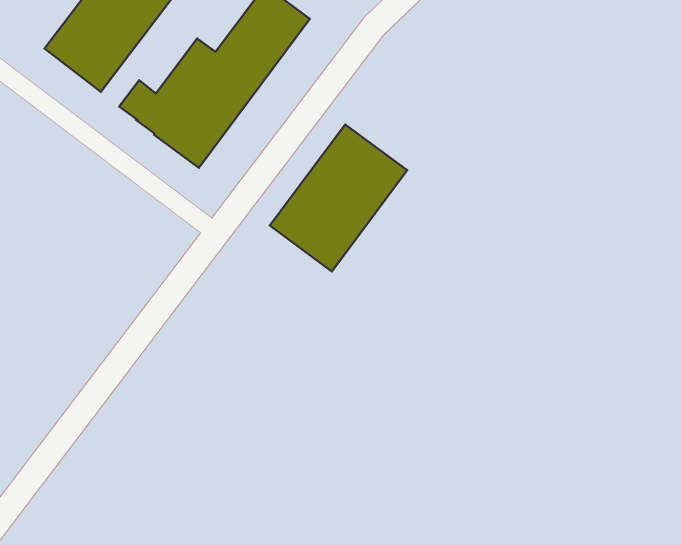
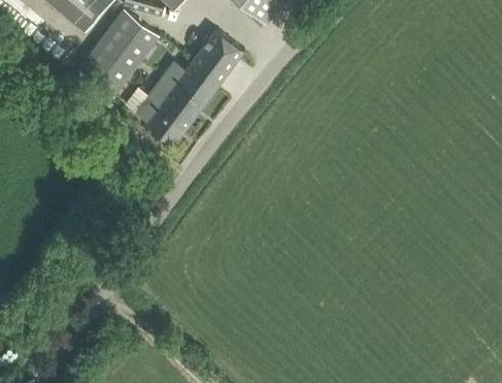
building: [270,124,407,271] -> none

